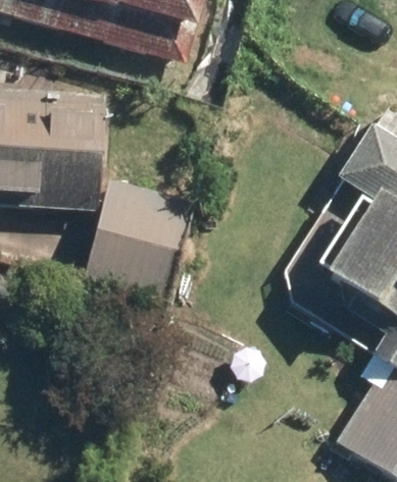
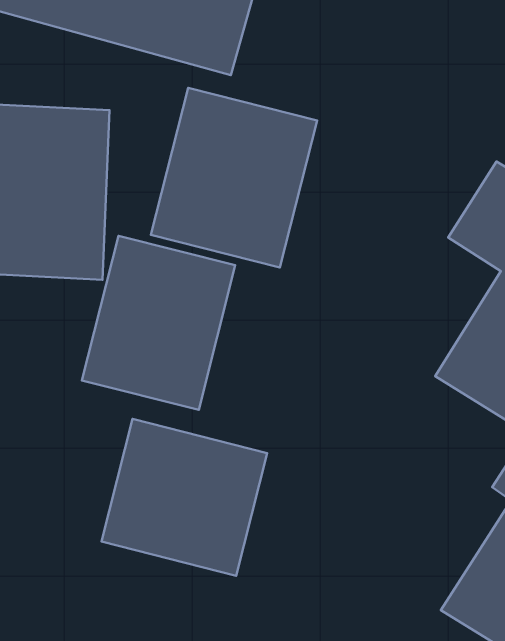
building: none -> [151,88,317,267]
building: none -> [102,419,267,576]

